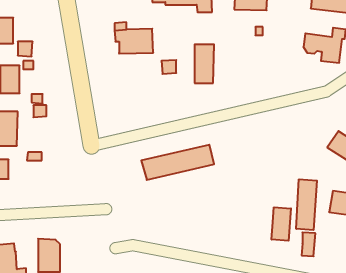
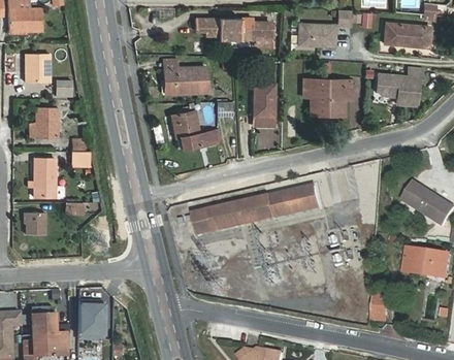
building: none -> [303,79,352,114]
building: none -> [171,111,217,150]
building: none -> [272,185,320,217]
building: [296,179,317,230] -> none
building: [272,207,291,241] -> none

